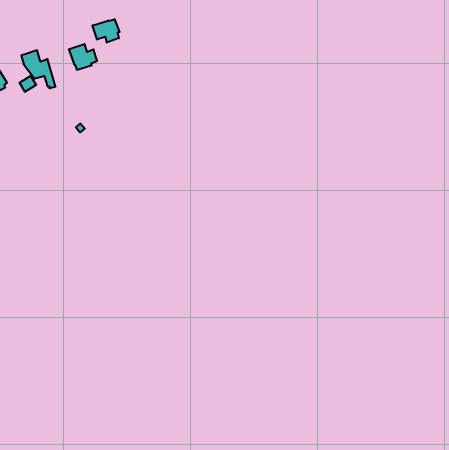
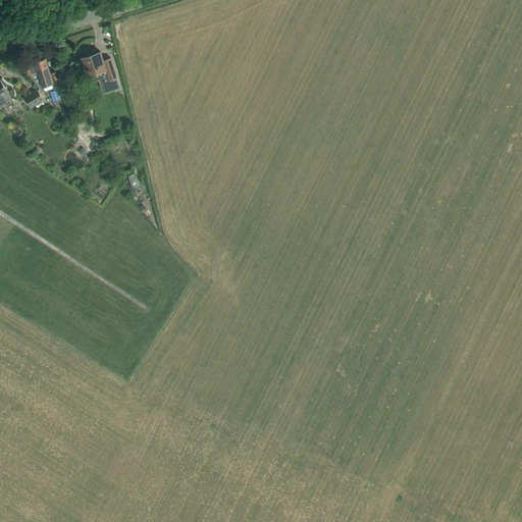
building: [92,19,120,43] -> none

